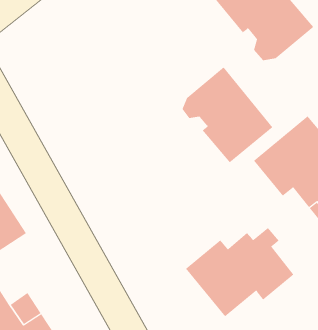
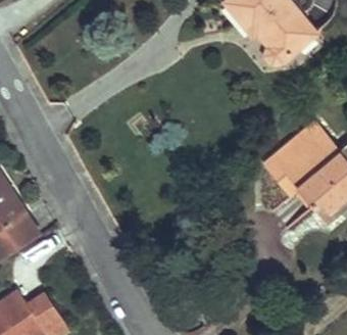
building: [182,67,273,163] -> none
building: [185,227,294,317] -> none

